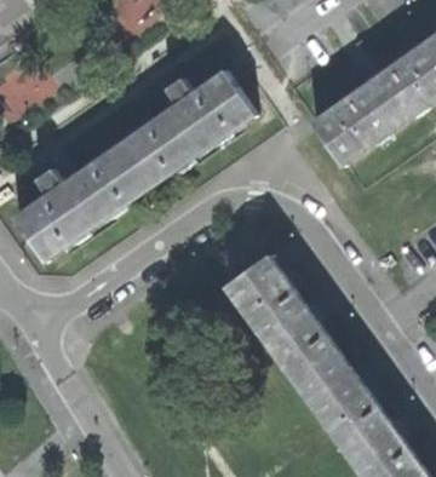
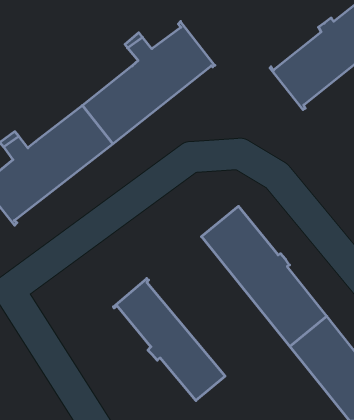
building: none -> [113,278,225,401]

